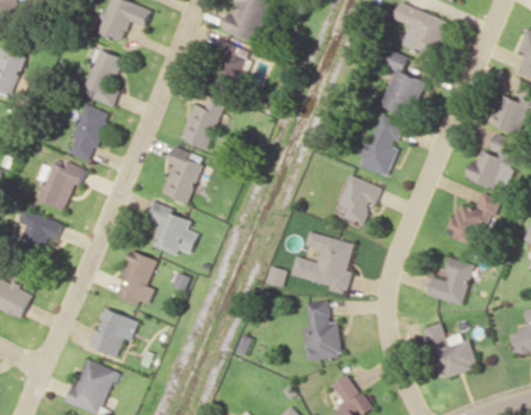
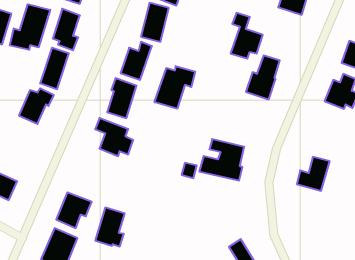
building: none -> [10,4,50,50]
building: [379,49,425,113] -> [231,13,263,59]
building: none -> [155,66,195,109]
building: [336,175,379,224] -> none
building: [445,192,498,250] -> none
building: [16,210,60,253] -> none
building: [112,249,154,304] -> [95,208,125,247]
building: [302,299,341,359] -> none
building: [422,322,476,378] -> none

